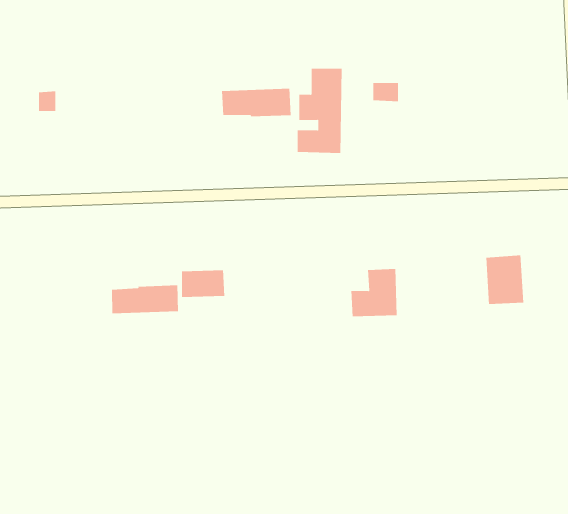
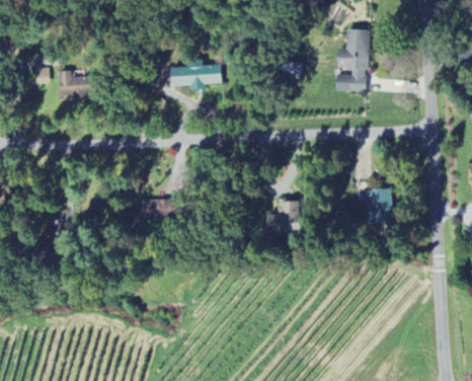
building: [297,68,342,153] -> [336,29,370,92]
building: none -> [59,71,85,97]
building: [111,284,178,314] -> none

